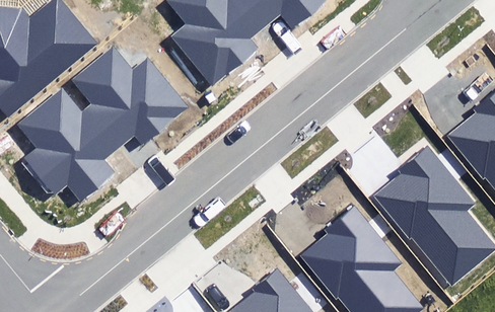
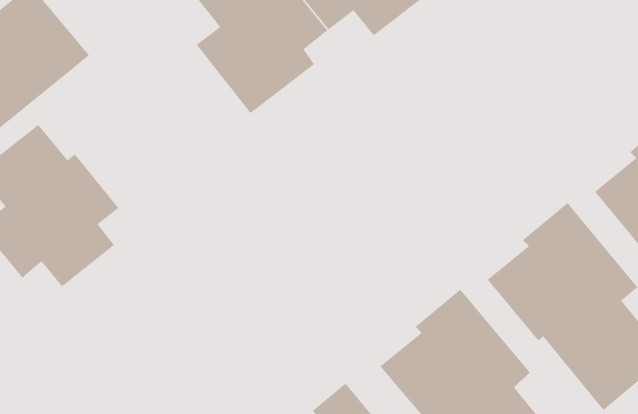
building: [71,44,190,148] -> none

